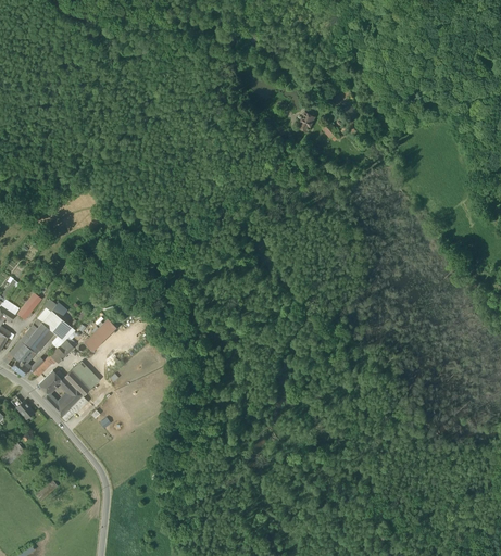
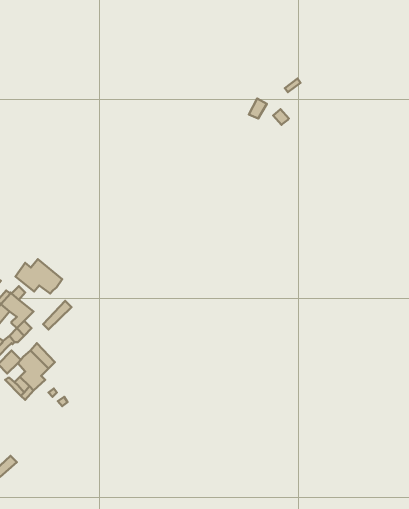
building: none -> [15,259,62,294]

